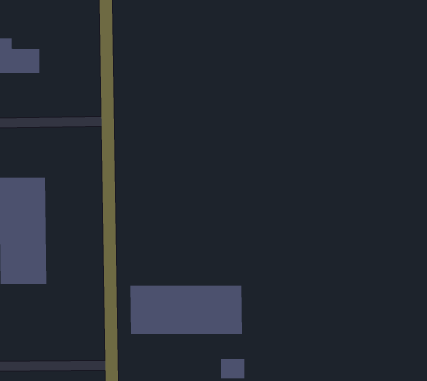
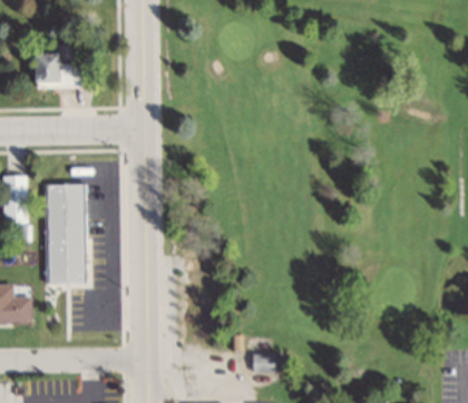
building: [130,285,242,335] -> none

